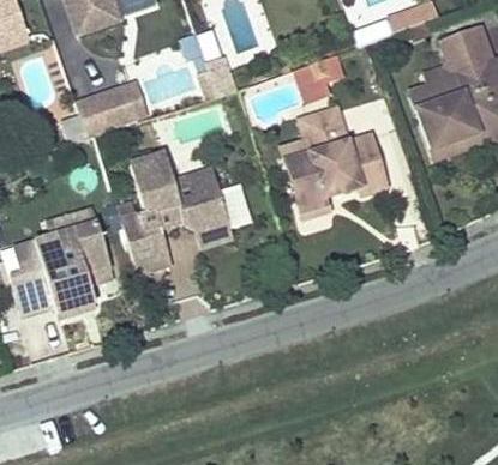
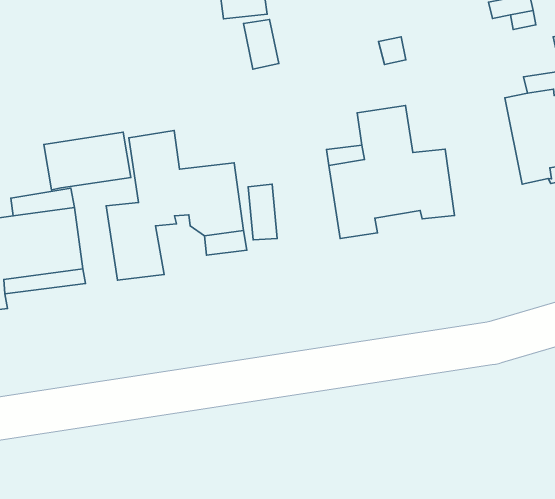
building: [78,84,148,135] -> [44,132,131,190]

